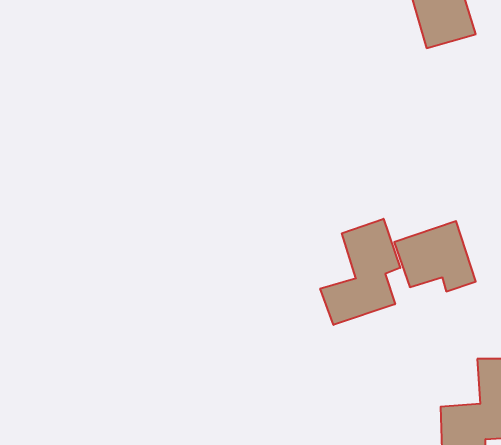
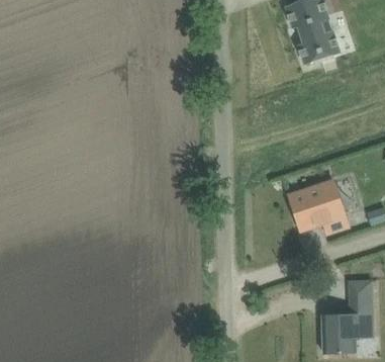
building: [320,219,400,325] -> none

